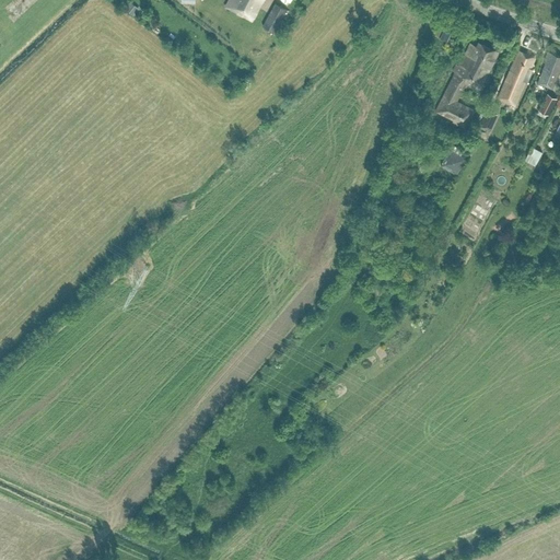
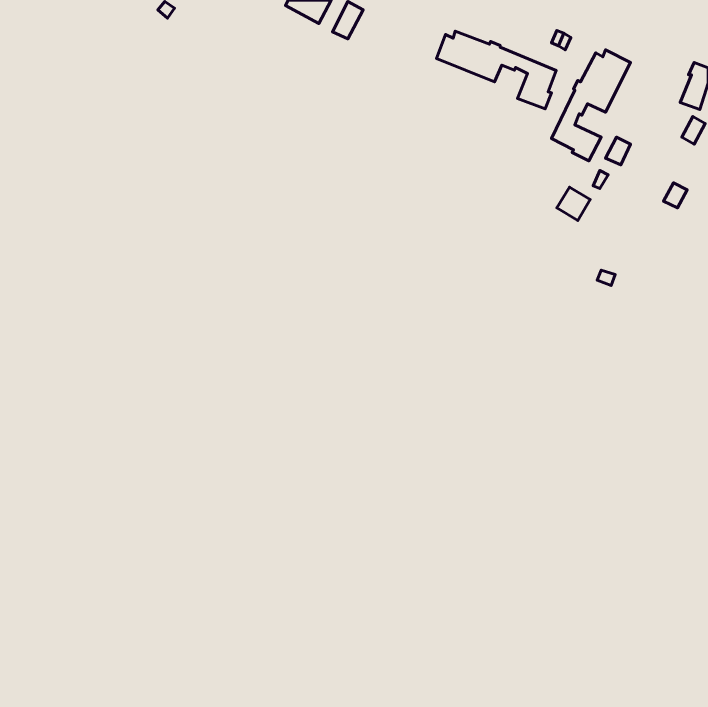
building: none -> [436,31,556,109]
building: [498,50,534,105] -> none

